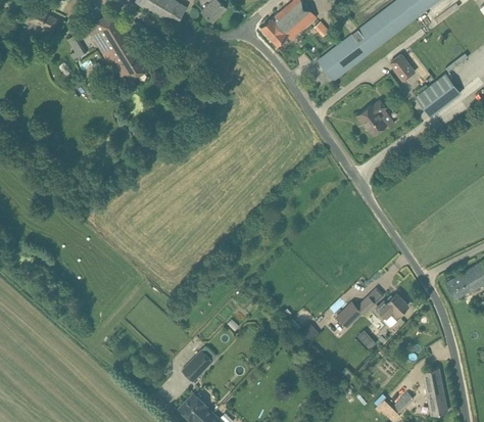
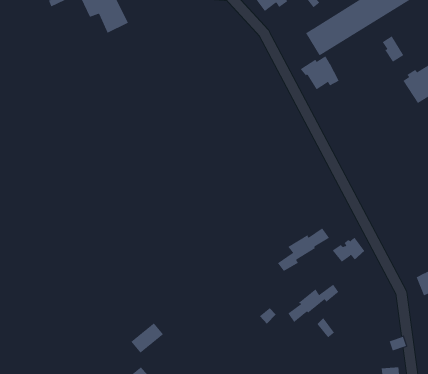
building: [356,101,395,135] -> [300,56,340,90]
building: none -> [277,228,330,272]
building: [376,293,407,319] -> [332,237,365,262]

